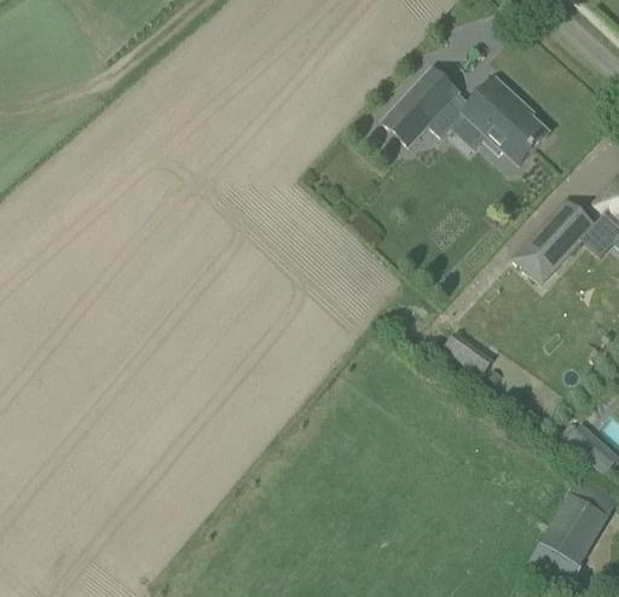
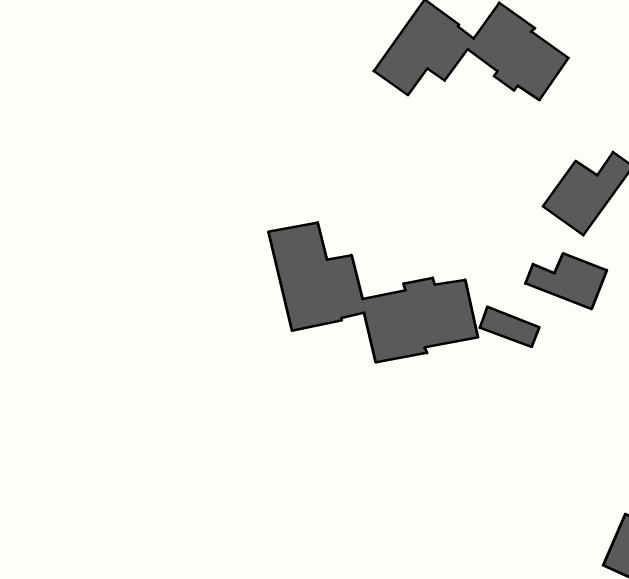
building: none -> [269,222,478,362]
building: none -> [525,253,607,309]

